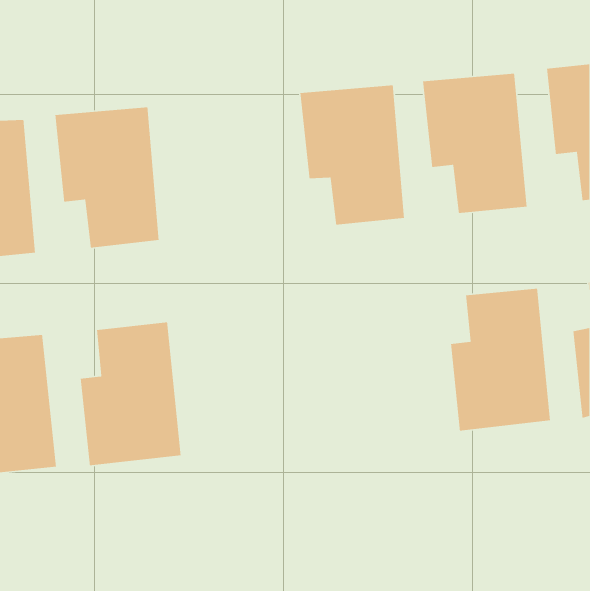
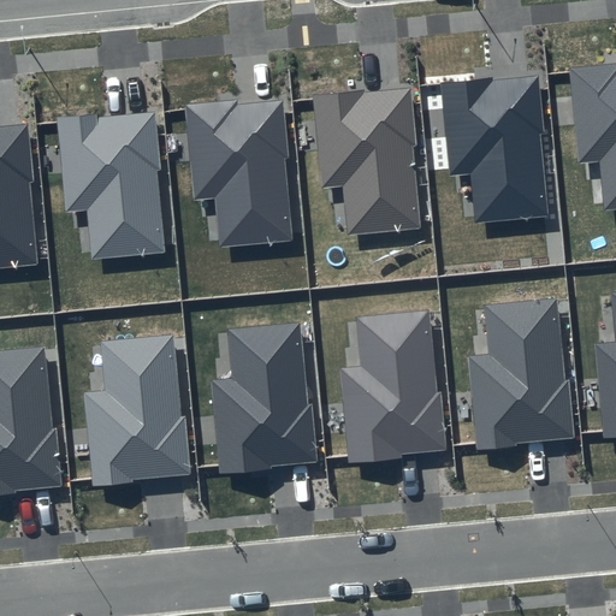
building: none -> [184,97,294,245]
building: none -> [338,310,444,461]
building: none -> [211,322,315,472]

